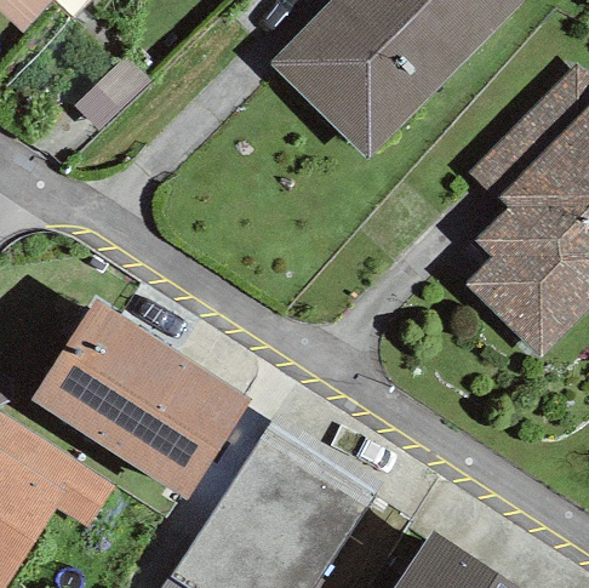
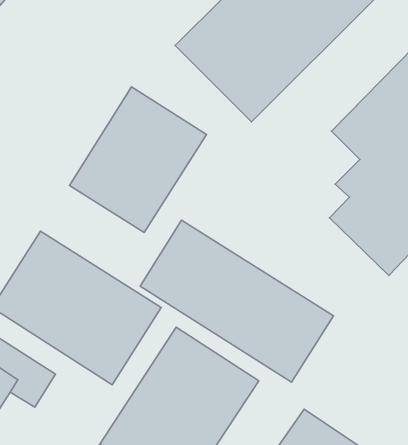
building: none -> [70,87,207,233]
building: none -> [140,220,334,382]

